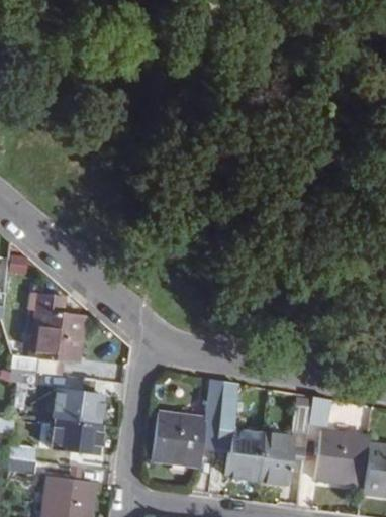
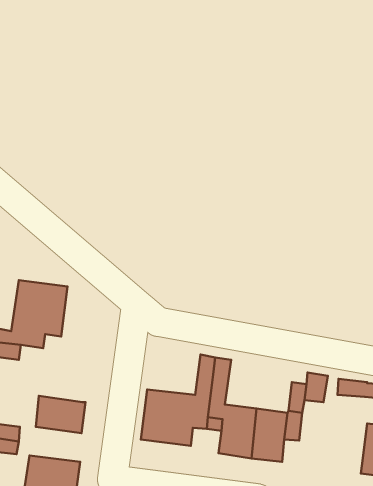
building: [53,388,101,424] -> none
building: [315,430,369,485] -> none

